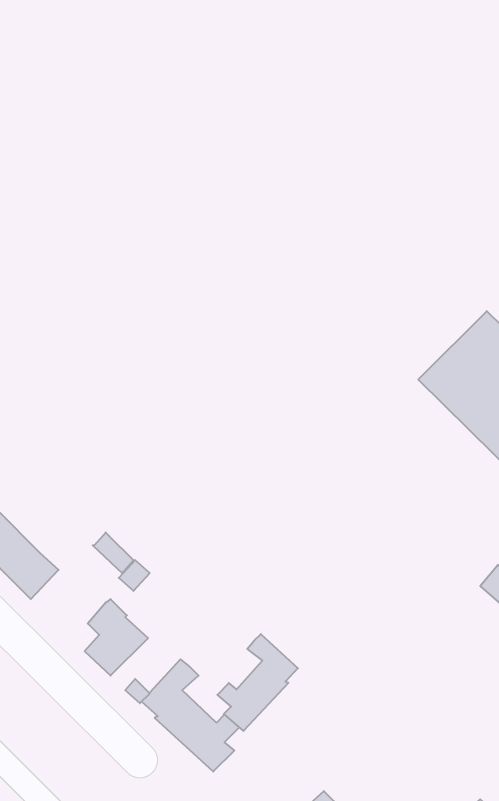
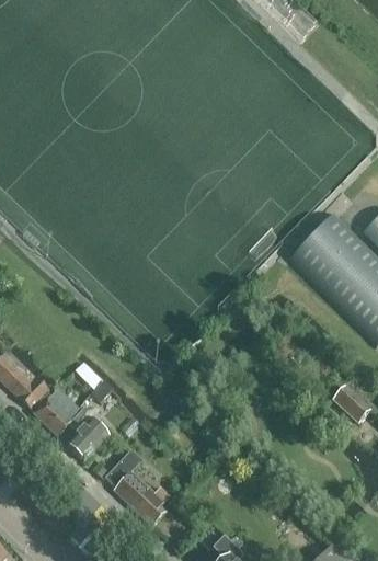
building: none -> [34,388,80,435]
building: [217,634,298,731] -> none

